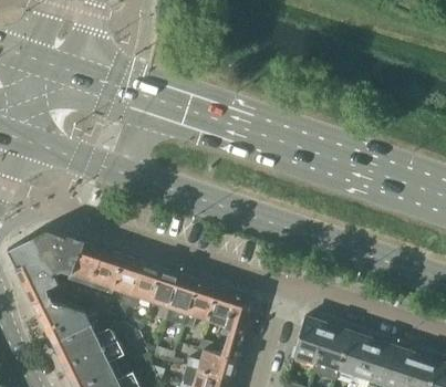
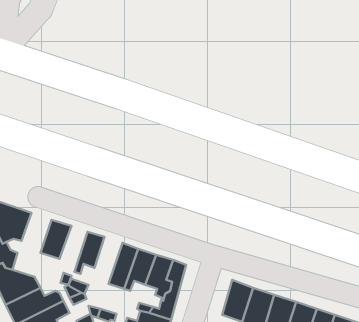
building: [69,242,104,286] -> none
building: [114,257,144,307] -> none
building: [152,269,183,321] -> none

